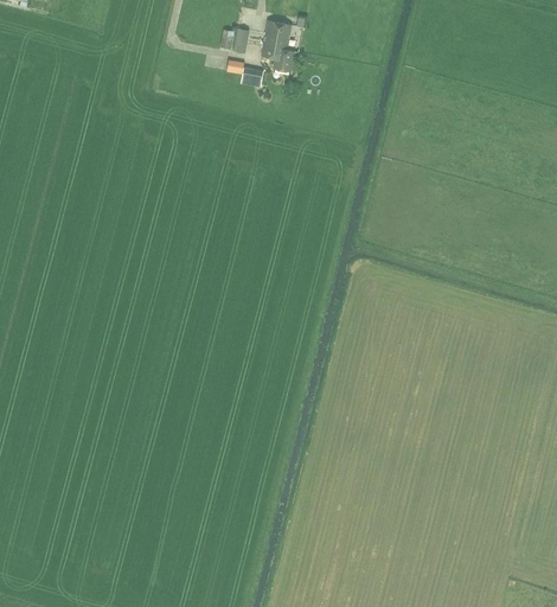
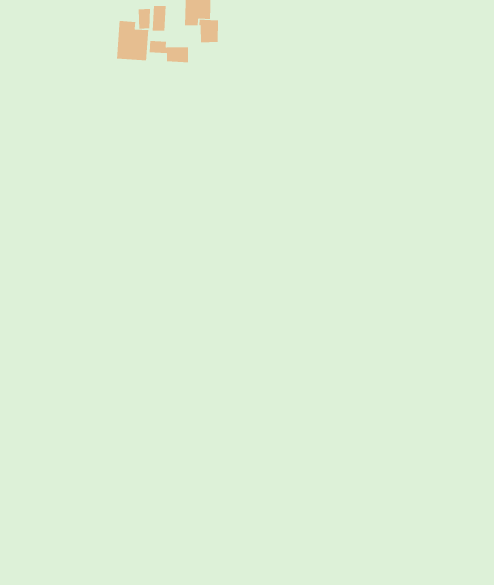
building: none -> [117,20,149,61]

